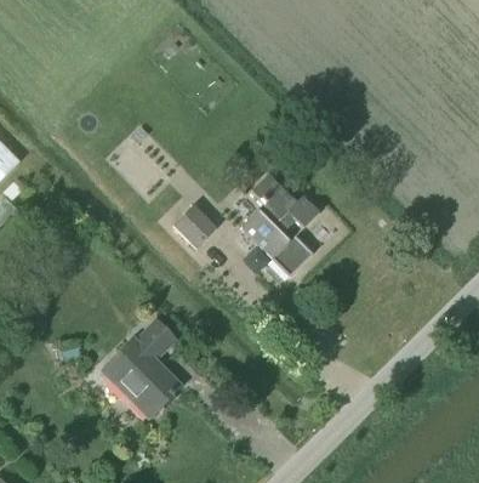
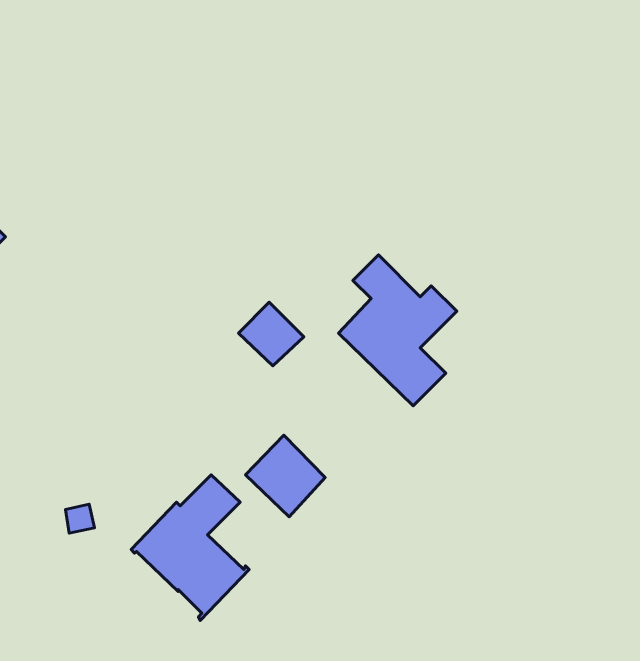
building: none -> [246,435,325,517]

